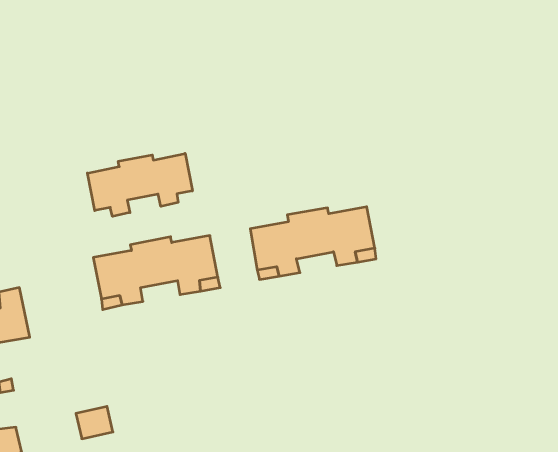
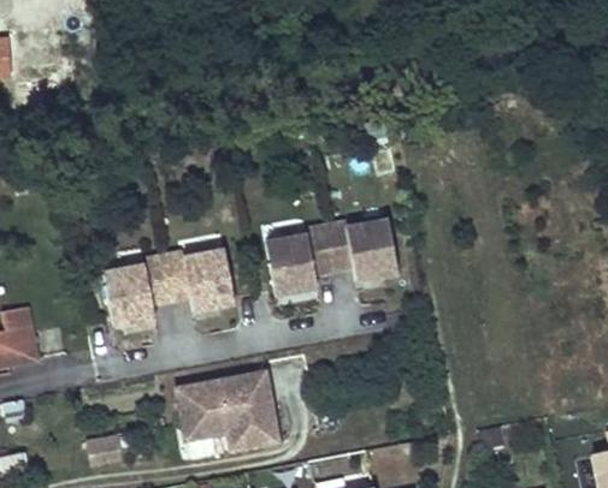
building: [87,153,192,216] -> none
building: none -> [172,373,275,452]

